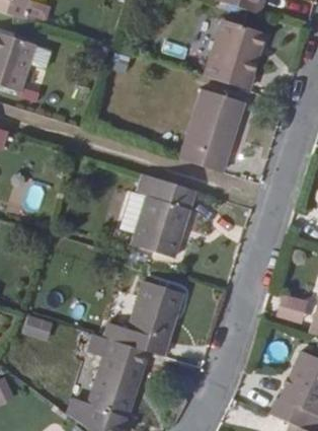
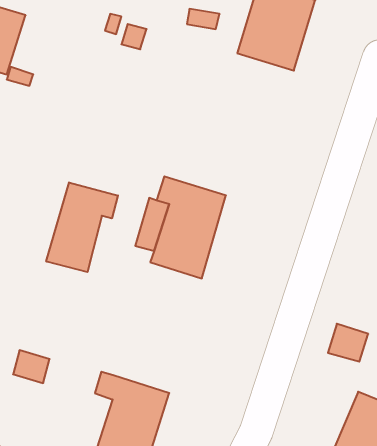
building: [177,89,245,173] -> none
building: none -> [46,182,118,272]
building: [104,280,182,354] -> none

